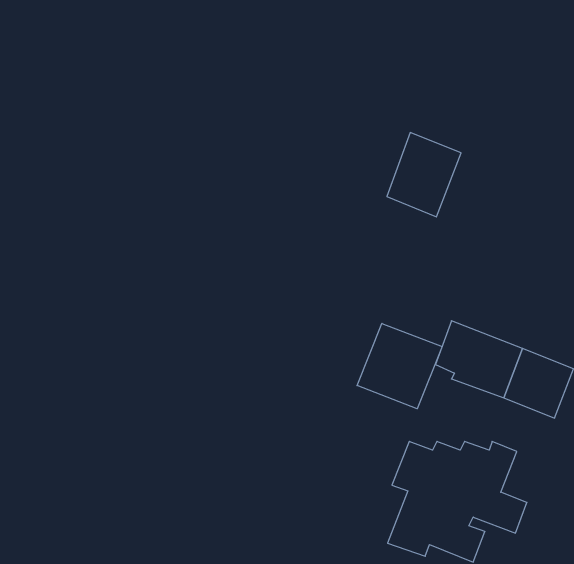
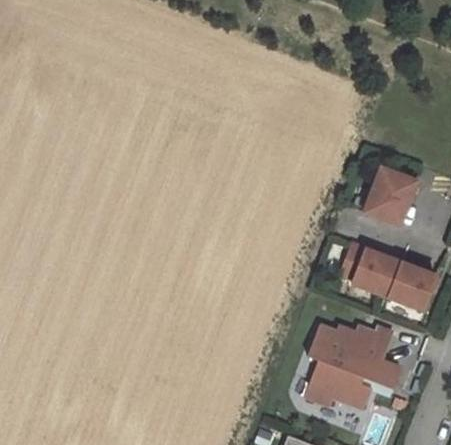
building: [387,133,461,217] -> [363,167,414,225]
building: [357,323,442,409] -> none

